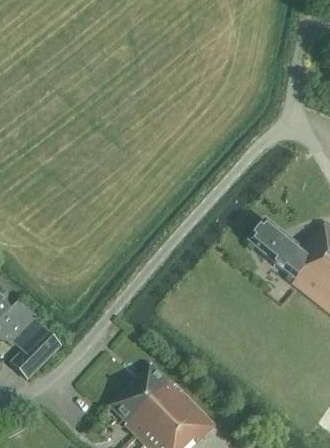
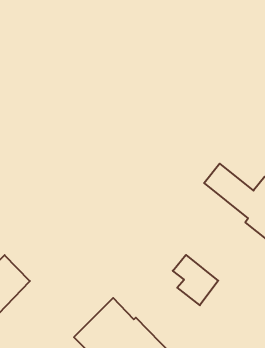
building: none -> [173,255,218,305]

